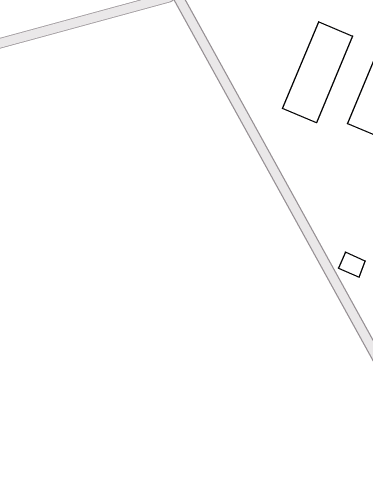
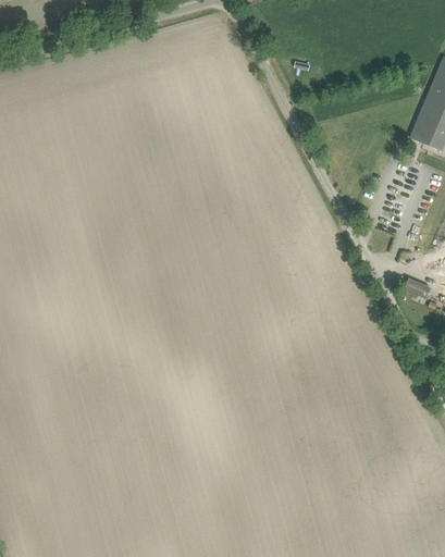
building: [282,22,353,123] -> none

